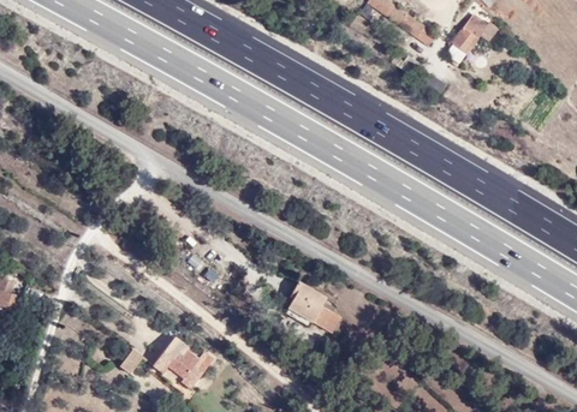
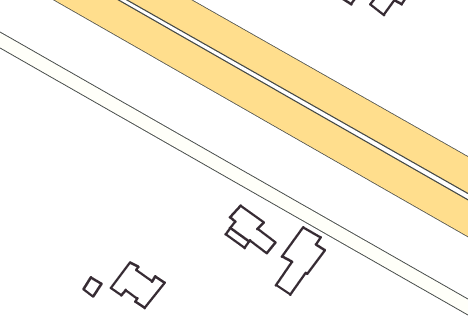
building: none -> [276,227,325,295]

